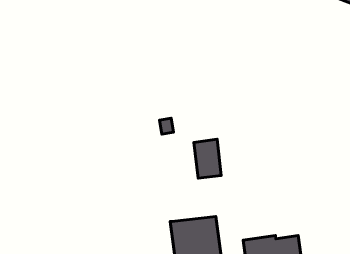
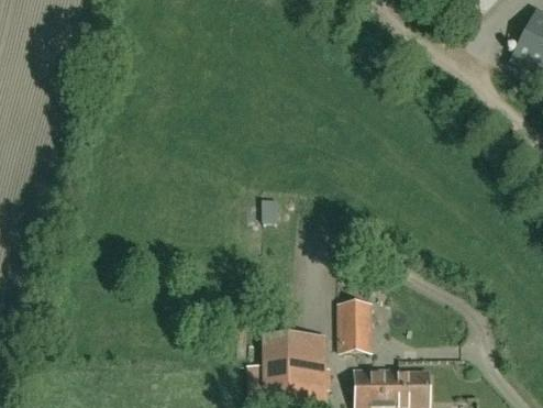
building: [194,139,221,178] -> [340,301,370,350]

